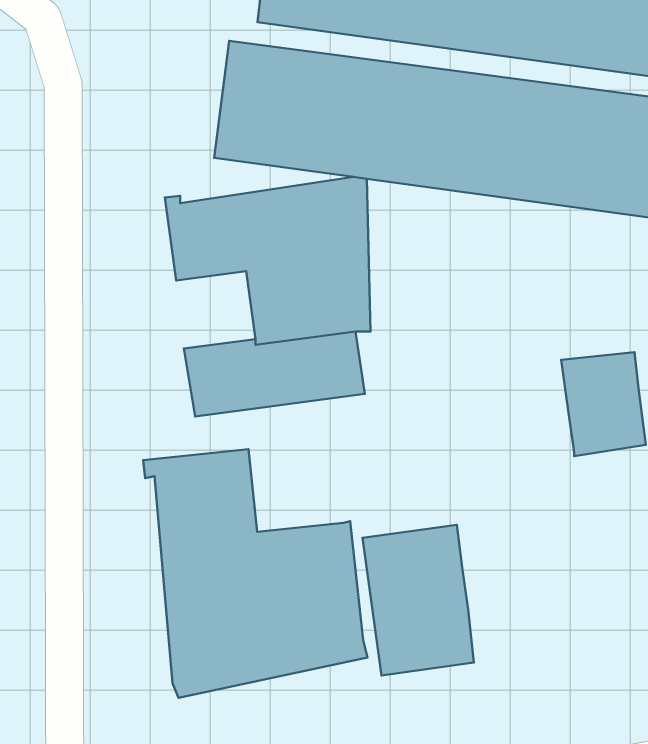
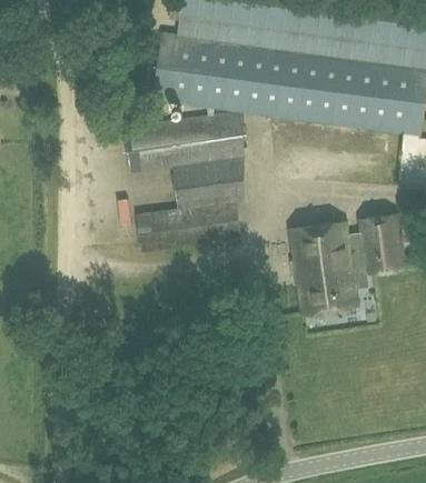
building: [143,449,368,698] -> none
building: [363,525,474,676] -> [290,224,356,313]

